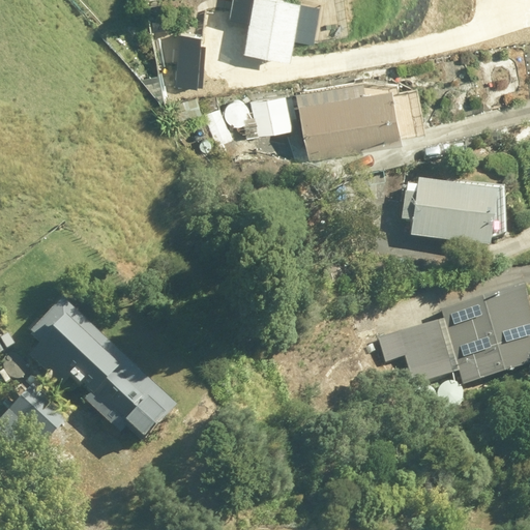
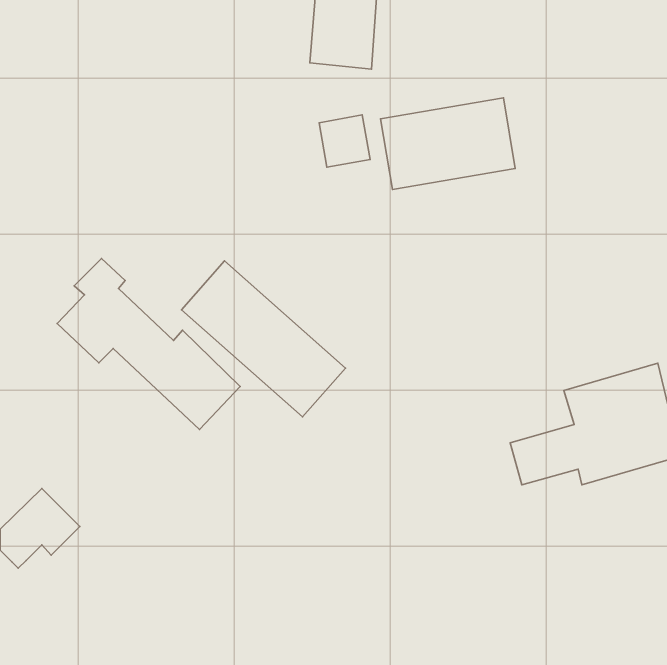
building: [411,183,499,240] -> none
building: none -> [182,261,345,417]
building: [28,302,173,438] -> [57,258,240,429]

